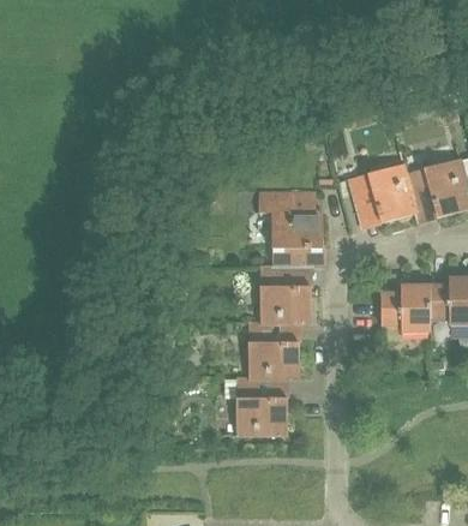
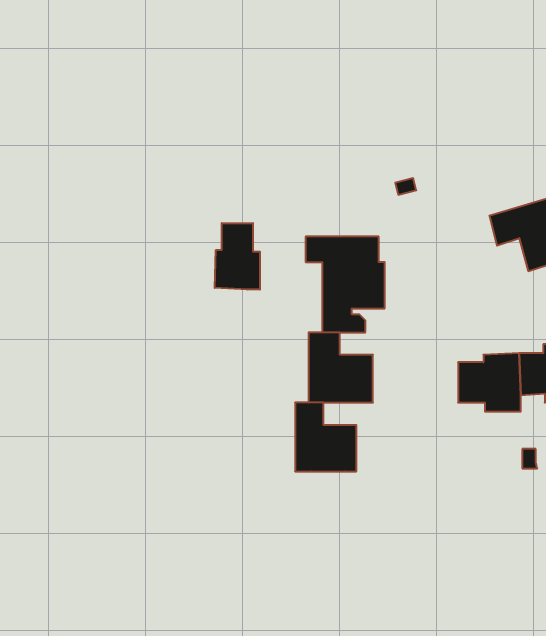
building: [348,163,415,222] -> none
building: none -> [215,223,260,290]
building: [224,379,289,436] -> none

